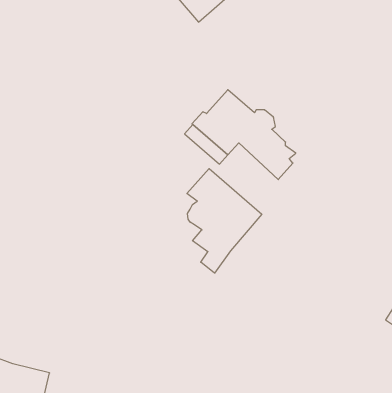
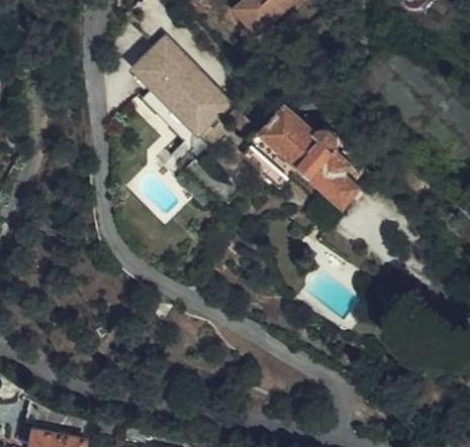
building: none -> [130,37,237,143]
building: [187,169,262,273] -> none

